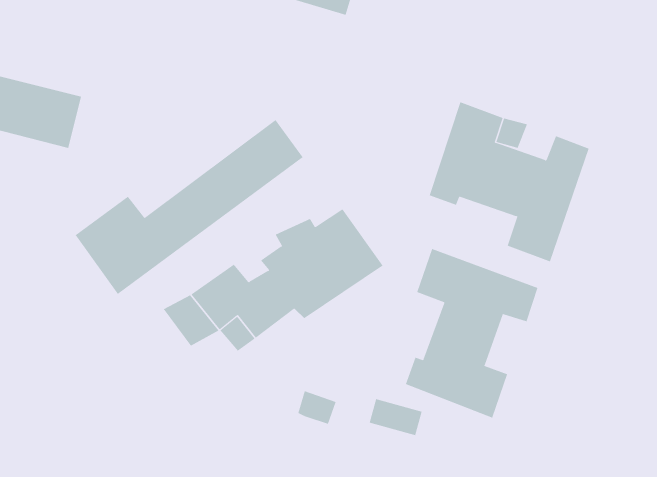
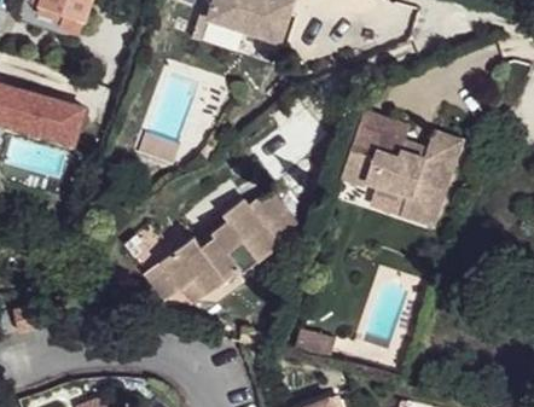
building: [75,119,304,295] -> none
building: [405,248,538,418] -> none

